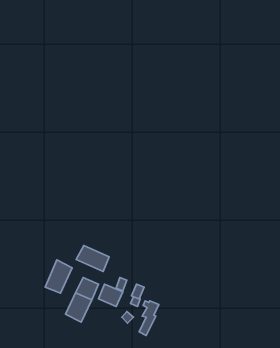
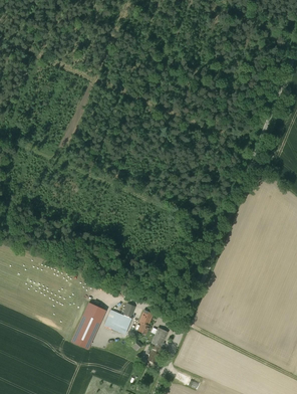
building: [76,245,109,271] -> none
building: [45,260,72,293] -> none

